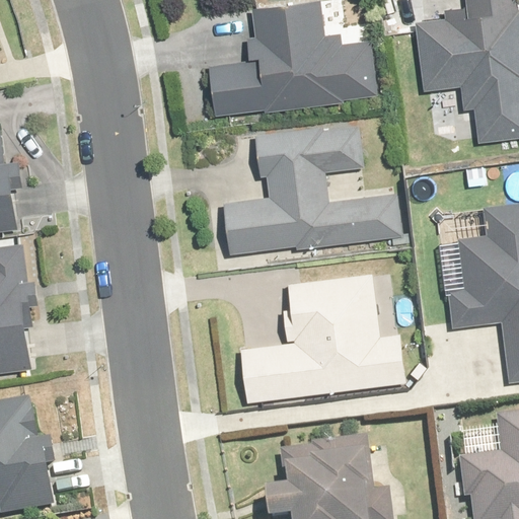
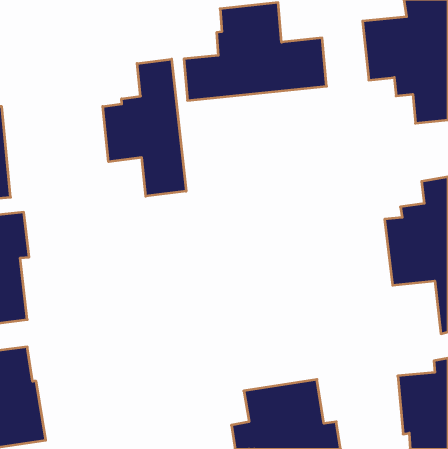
building: none -> [103,59,186,196]
building: [225,126,402,255] -> none
building: [242,274,407,401] -> none

